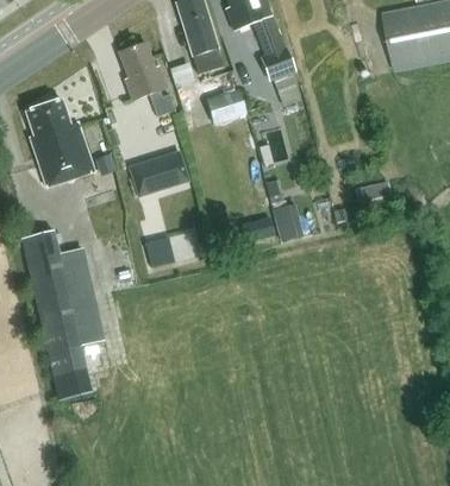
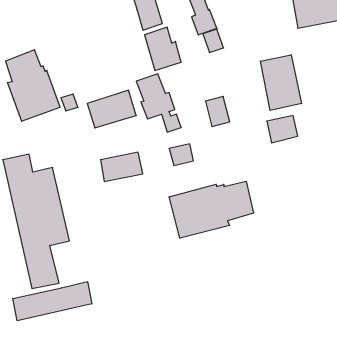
building: [119,43,176,116] -> [136,74,181,132]
building: none -> [261,55,302,110]
building: [273,204,304,242] -> [205,96,230,127]
building: none -> [169,181,254,238]
building: none -> [13,282,92,321]

